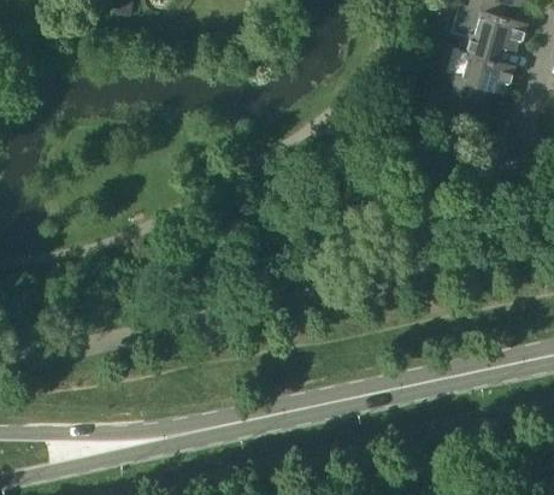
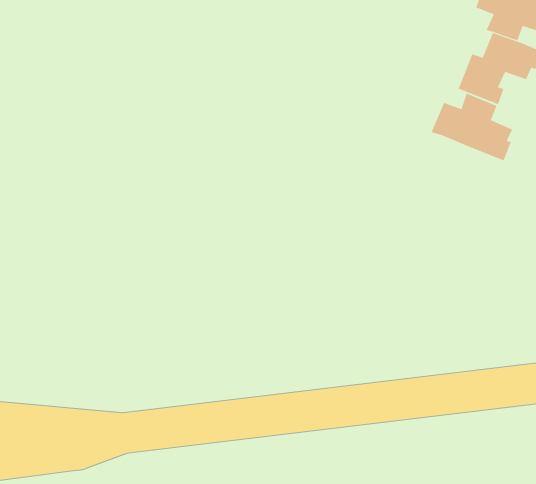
building: none -> [431,92,513,161]

